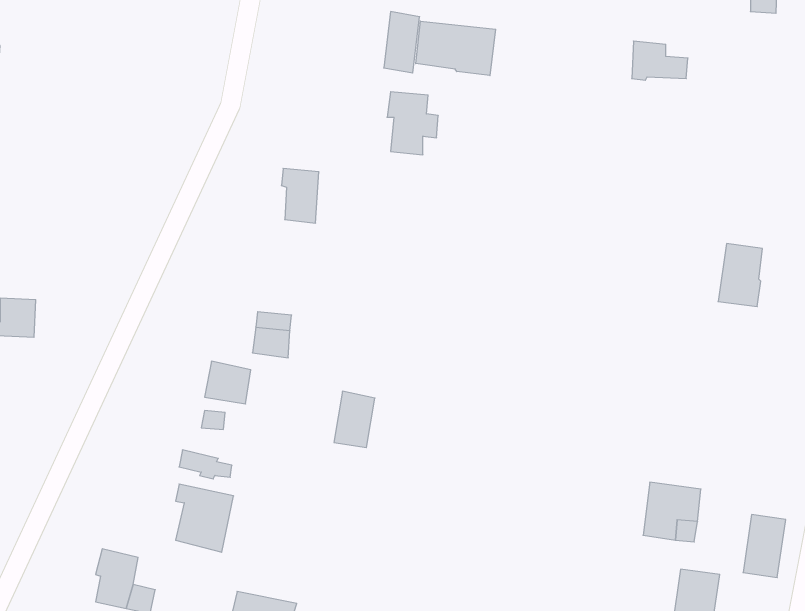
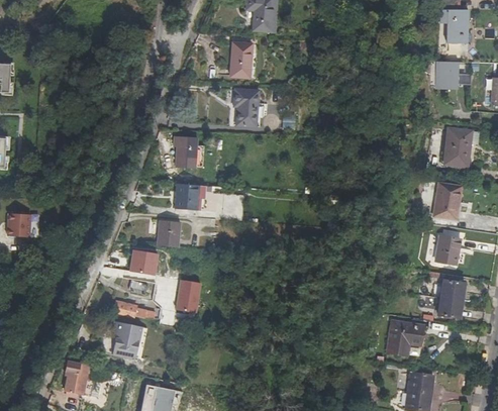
building: [416,21,496,76] -> none
building: [632,41,688,80] -> [436,63,470,86]
building: none -> [443,127,470,165]
building: none -> [175,182,206,209]
building: none -> [436,233,460,262]
building: [334,391,375,448] -> [174,279,198,312]
building: [743,515,786,578] -> [438,277,464,314]

